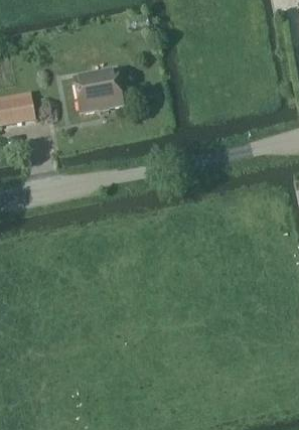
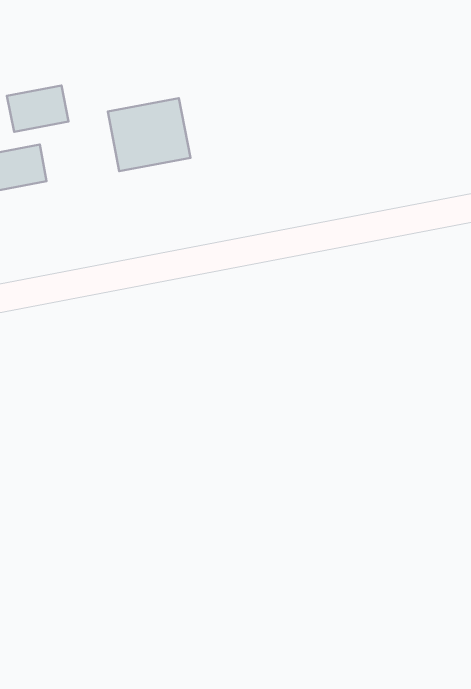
building: none -> [7,85,68,132]

